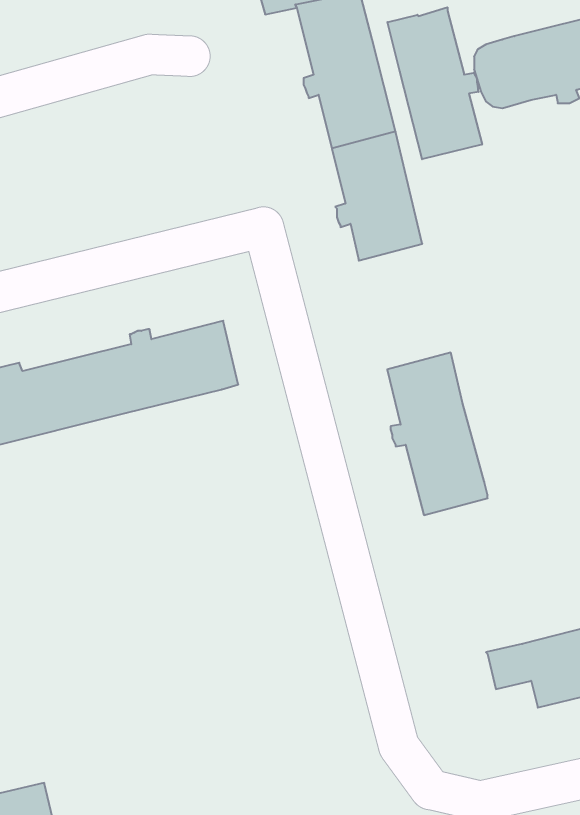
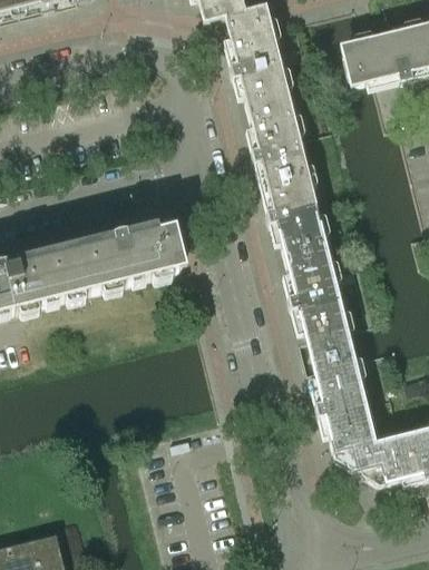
building: [387,7,482,159] -> none
building: none -> [265,173,326,256]
building: none -> [309,342,374,450]

